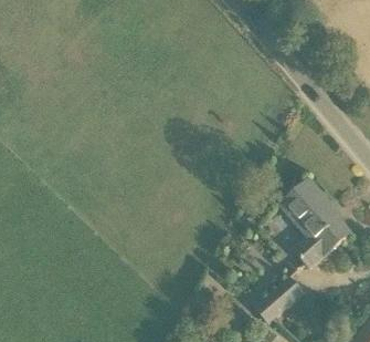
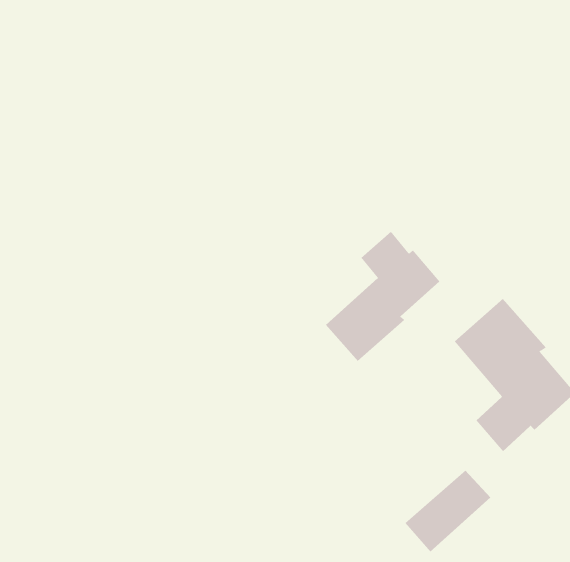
building: none -> [325,231,440,362]

